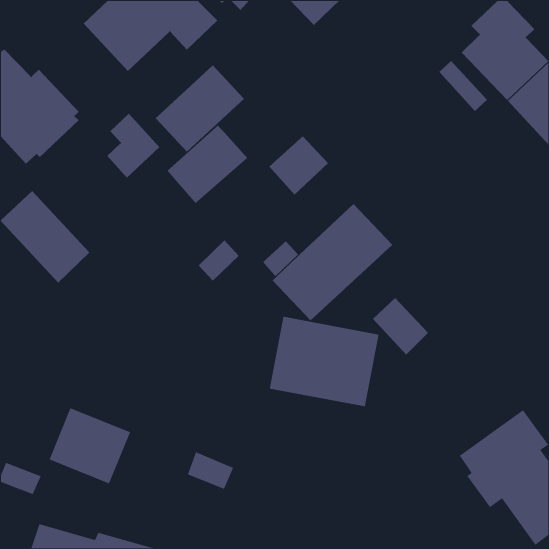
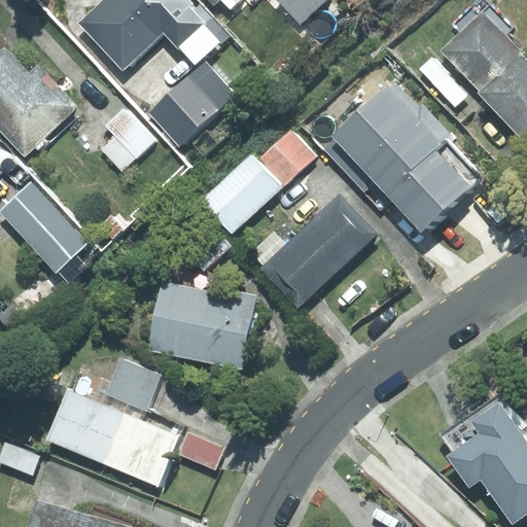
building: none -> [324,82,480,232]
building: [166,125,248,204] -> [204,155,282,232]
building: [372,297,429,355] -> none
building: [269,316,379,407] -> [148,281,254,368]
building: none -> [107,358,161,411]
building: none -> [105,414,179,487]

